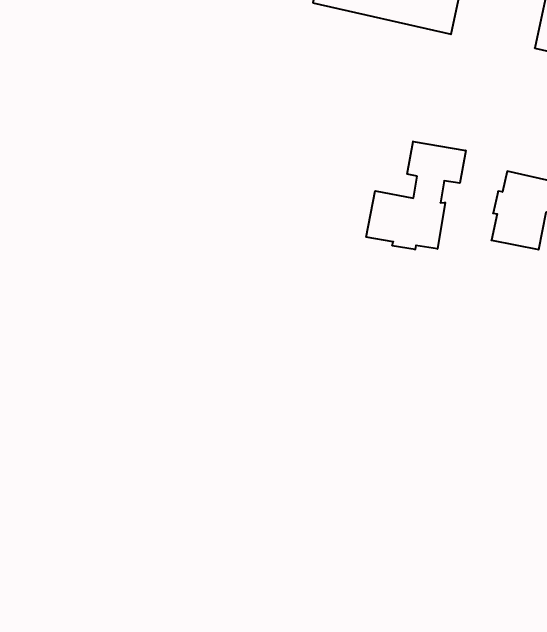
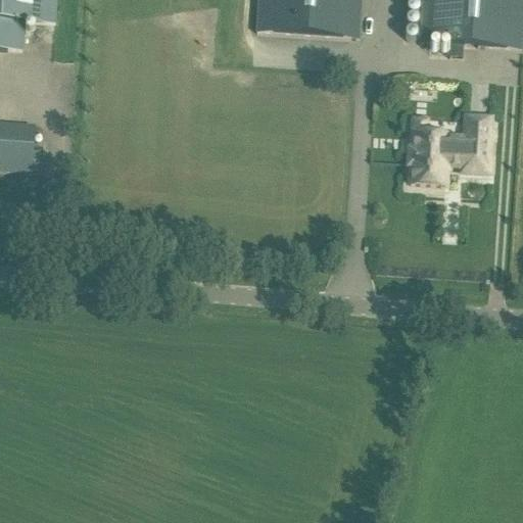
building: [366,141,466,250] -> none

